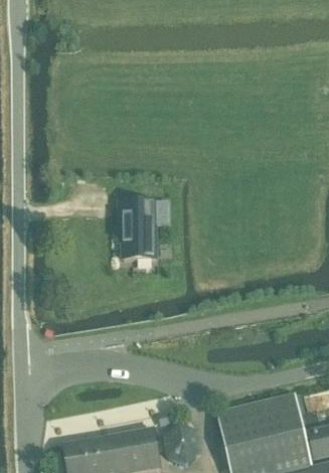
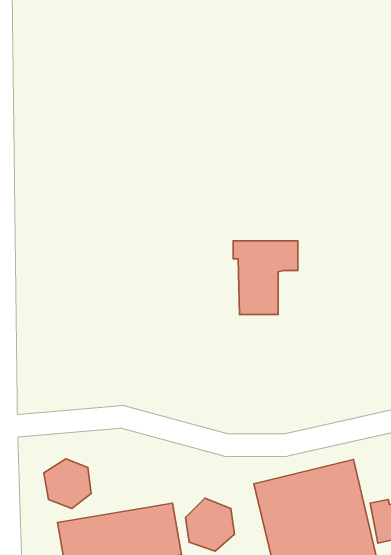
building: [119,202,169,260] -> [233,241,298,314]
building: none -> [44,459,91,508]

